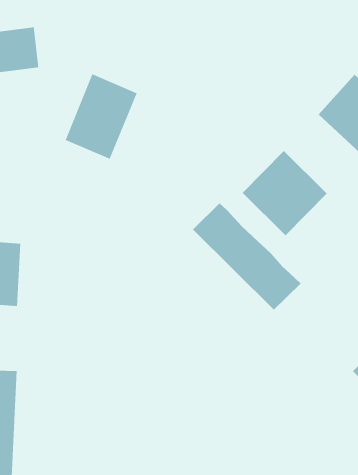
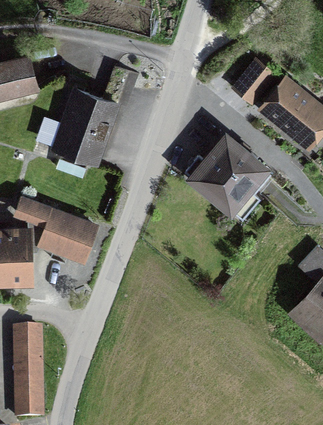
building: none -> [231,60,271,101]
building: [192,202,301,311] -> none
building: none -> [17,198,101,263]

